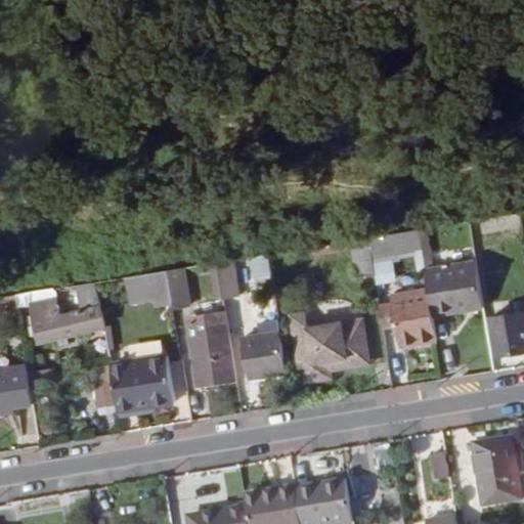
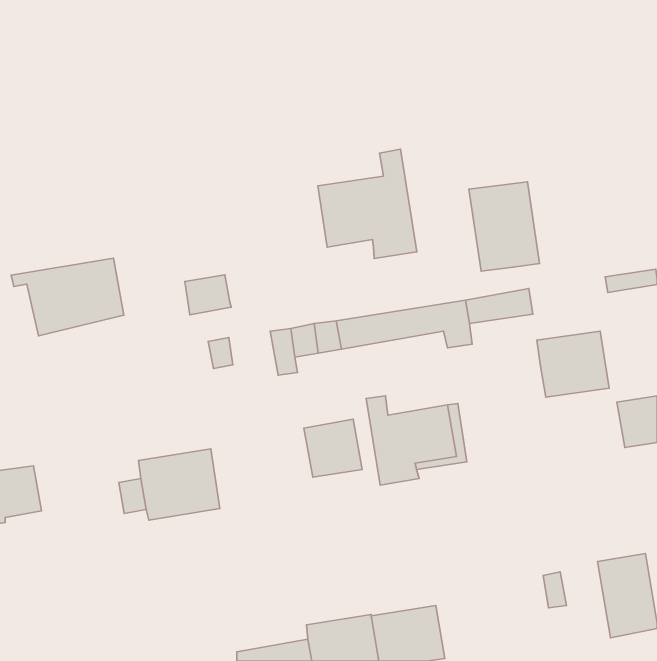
building: none -> [318,149,417,258]
building: none -> [469,182,540,271]
building: [133,270,170,302] -> [185,275,231,315]
building: [14,281,103,343] -> [11,258,124,336]
building: [390,290,436,346] -> none
building: [185,313,235,384] -> none

